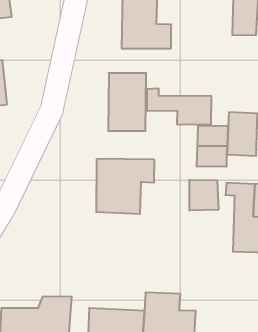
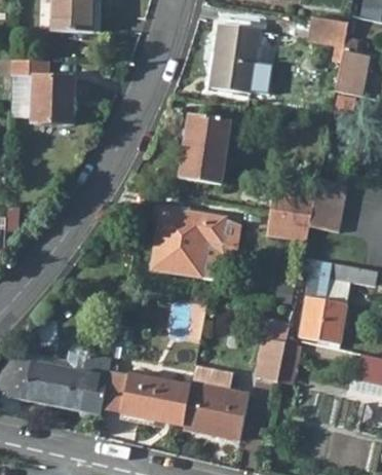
building: [147,88,211,125] -> none
building: [189,180,218,211] -> none
building: none -> [259,337,288,381]

